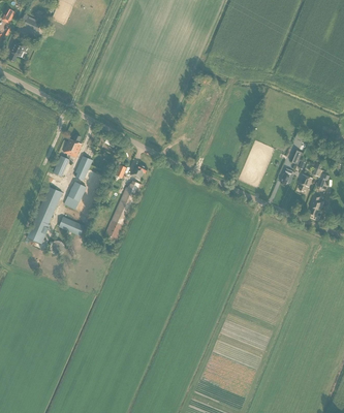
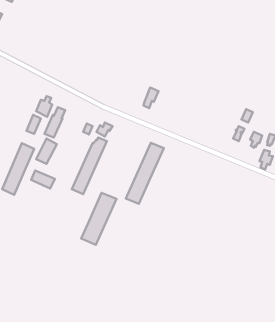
building: none -> [126,143,164,204]
building: none -> [81,193,116,245]

